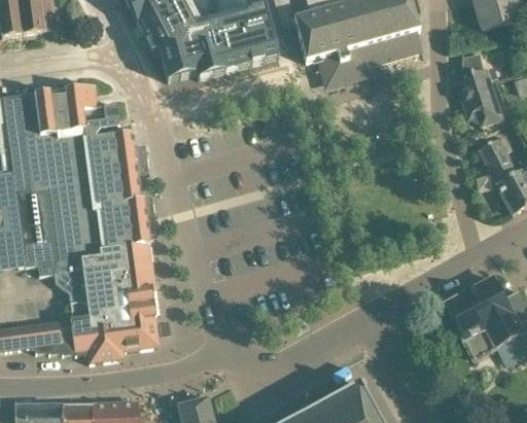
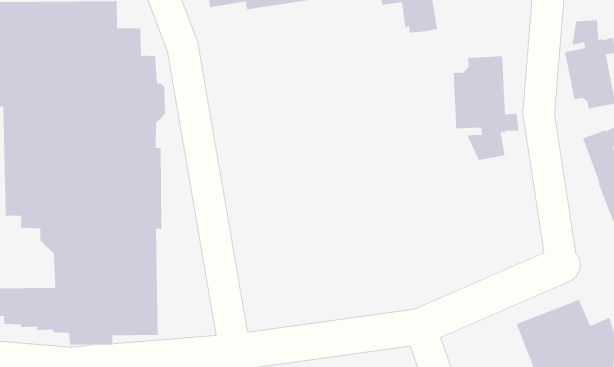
building: none -> [453,56,519,161]

